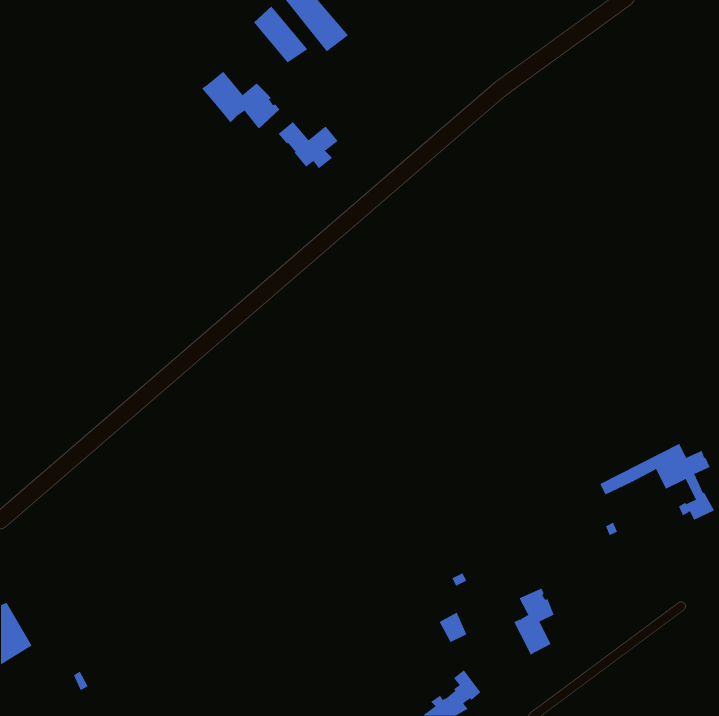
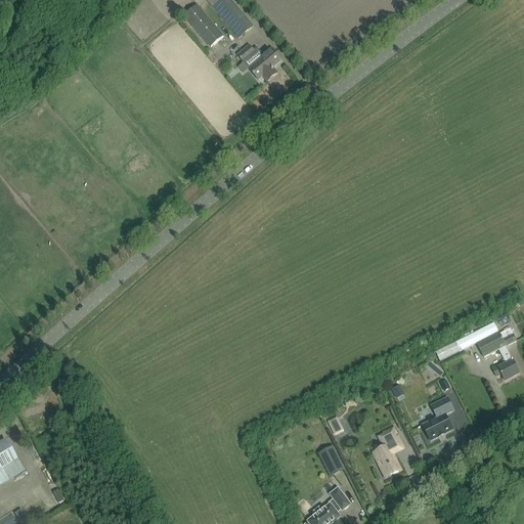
building: [201,71,280,129] -> none
building: [278,121,338,169] -> [237,45,281,80]
building: none -> [423,397,453,440]

